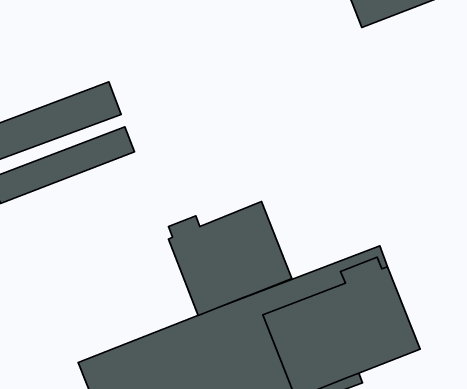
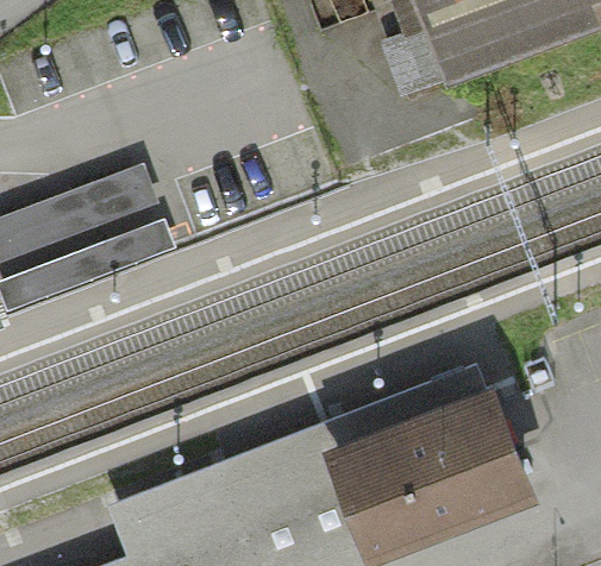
building: [168,202,292,315] -> none

